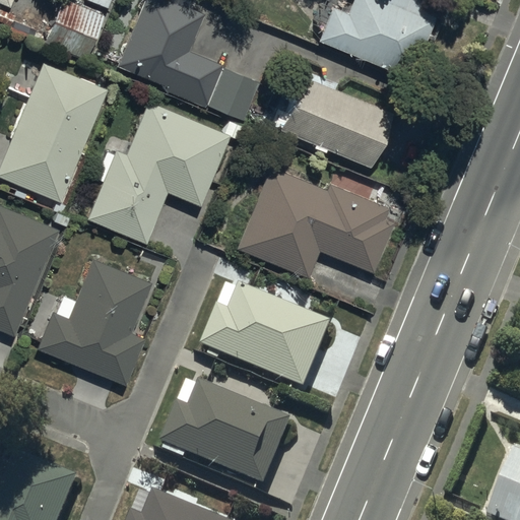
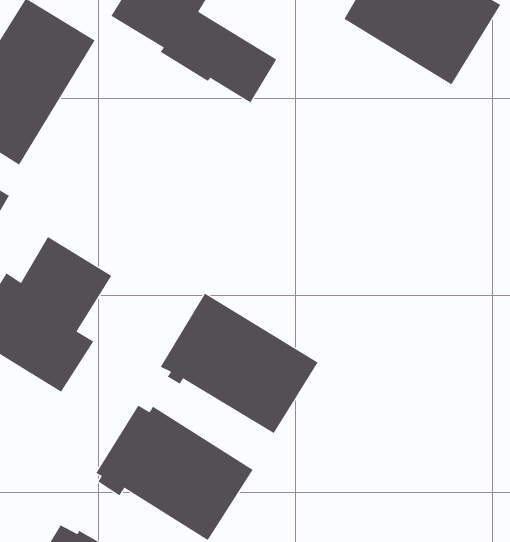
building: [279,75,392,168] -> none
building: [87,103,230,243] -> none
building: [238,166,394,275] -> none

